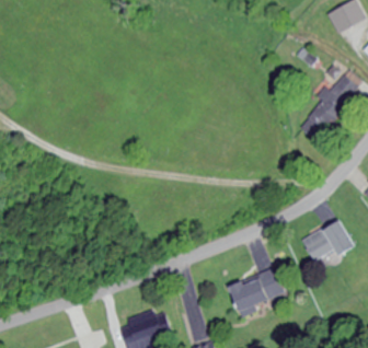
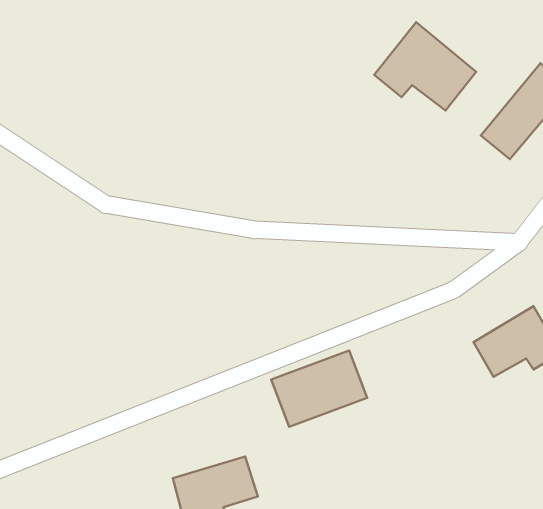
building: none -> [374,22,476,111]
building: [228,268,286,314] -> [271,351,367,427]

